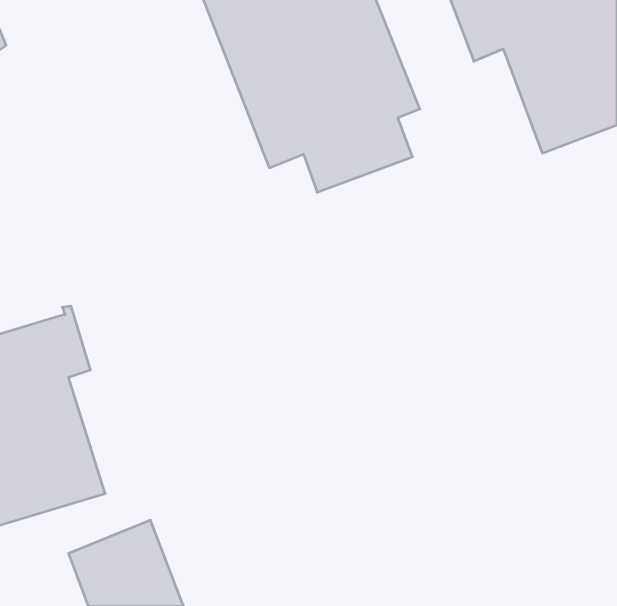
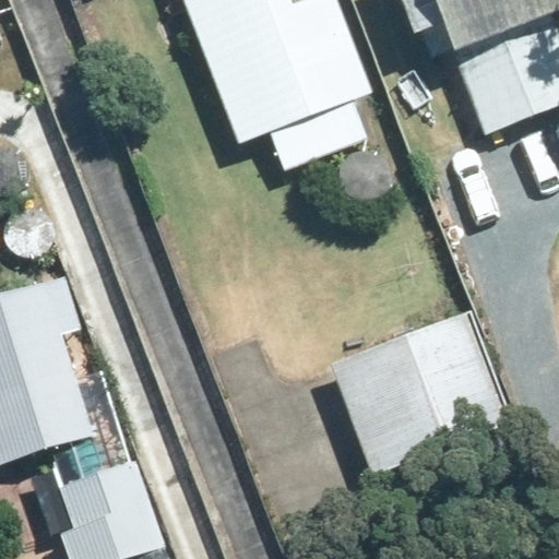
building: none -> [331,316,515,481]

